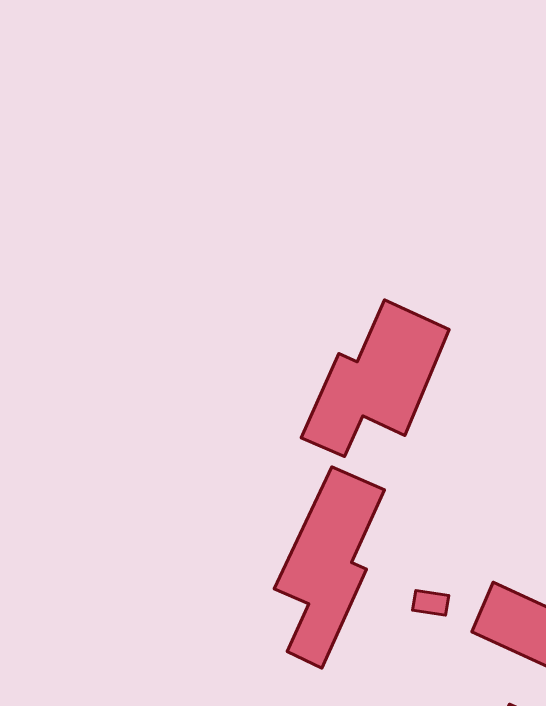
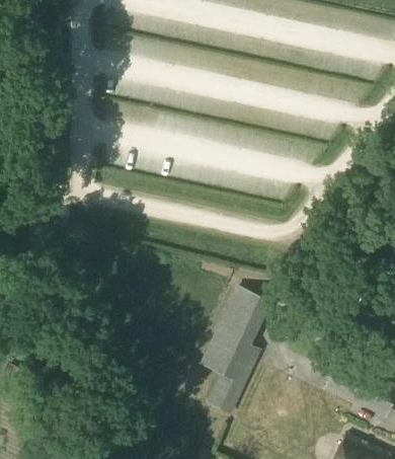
building: [301,300,449,457] -> none

